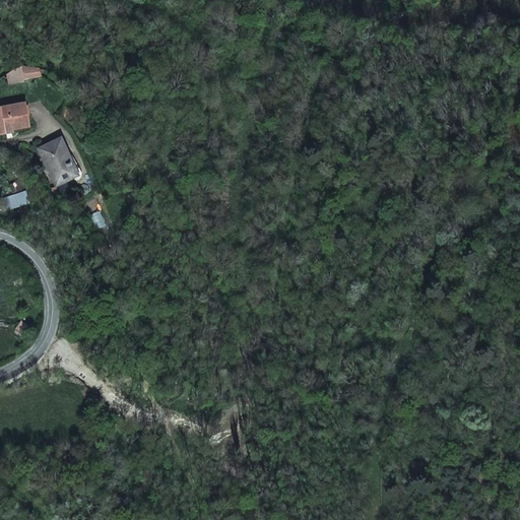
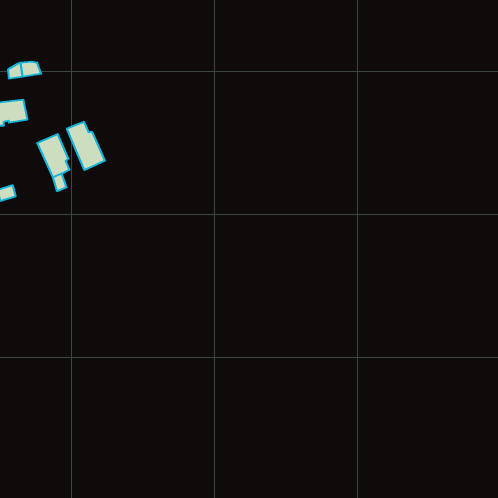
building: none -> [67,122,105,170]

